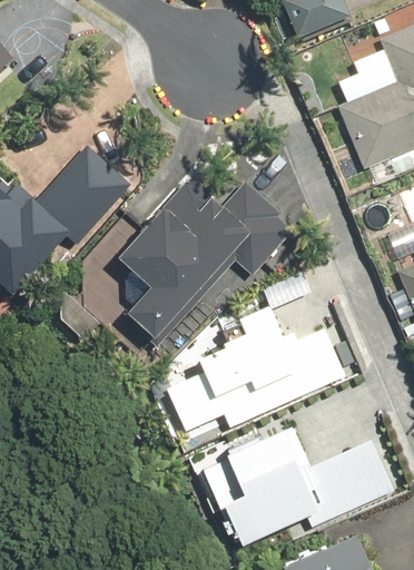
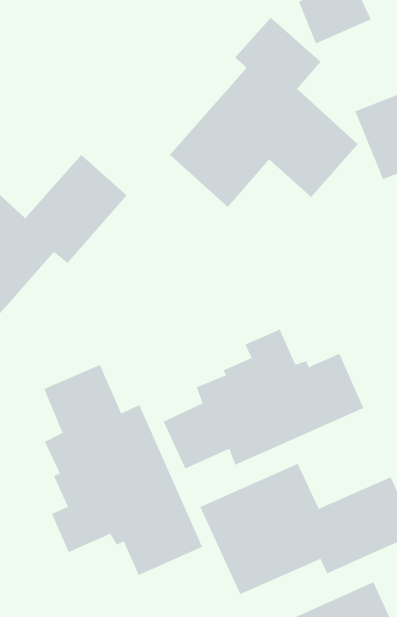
building: none -> [169,17,358,208]
building: [112,178,295,346] -> none
building: none -> [44,364,203,576]

